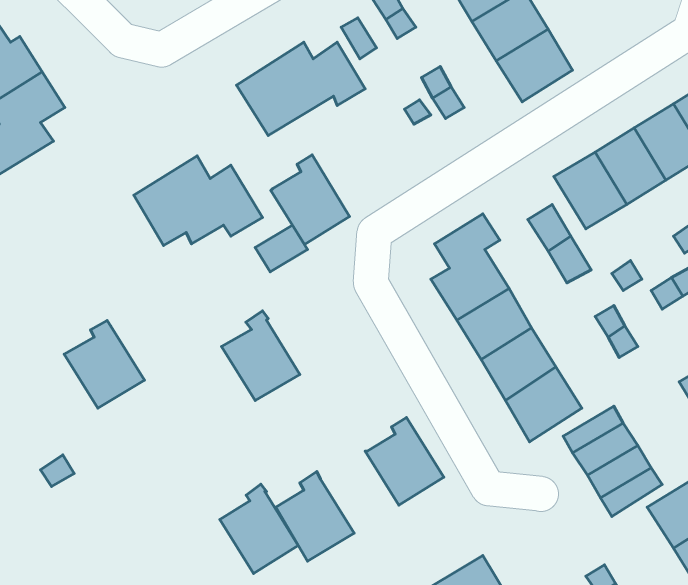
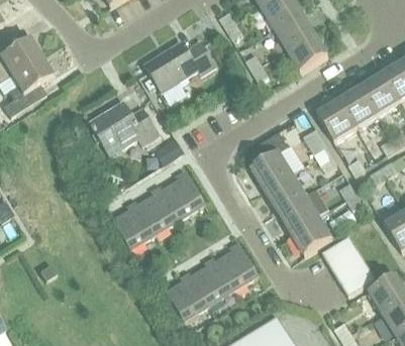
building: [271,155,349,245] -> [161,170,203,219]
building: [64,320,145,408] -> [111,201,155,248]
building: [220,484,298,574] -> [190,256,232,305]

